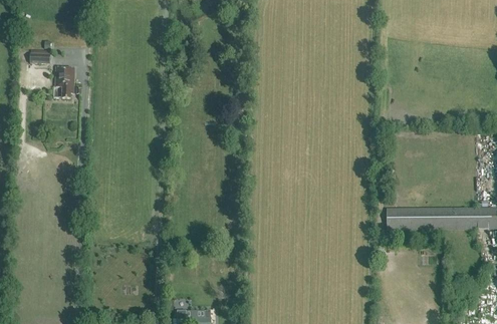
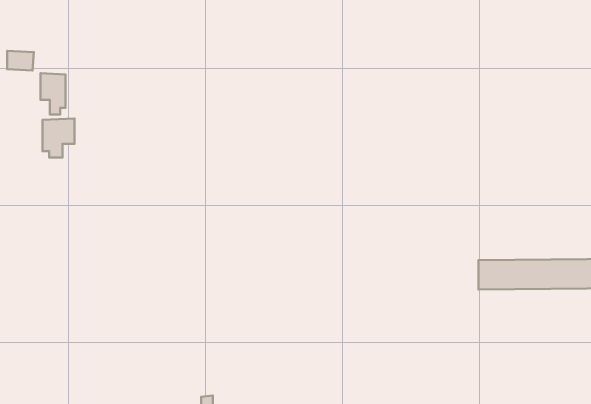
building: none -> [43,119,74,158]

